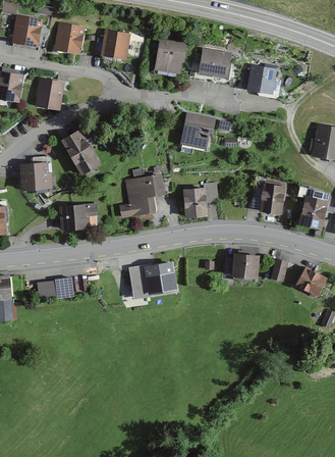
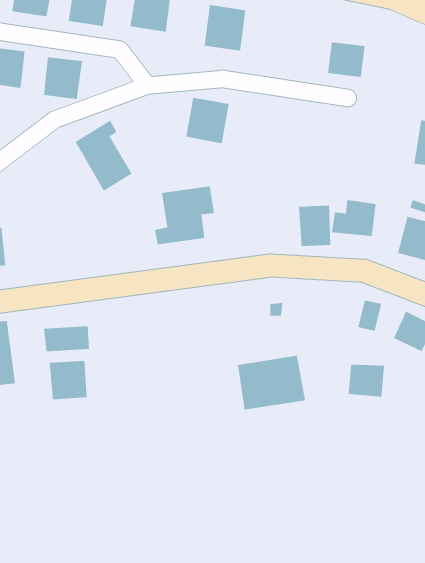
building: [199,49,230,78] -> none
building: [180,115,213,150] -> [186,97,229,144]
building: [18,161,51,190] -> none
building: [181,188,206,218] -> [298,205,331,246]
building: [58,202,99,229] -> none
building: [231,254,259,278] -> [348,364,385,397]
building: [126,258,177,299] -> [237,355,306,410]
building: none -> [49,360,87,400]

